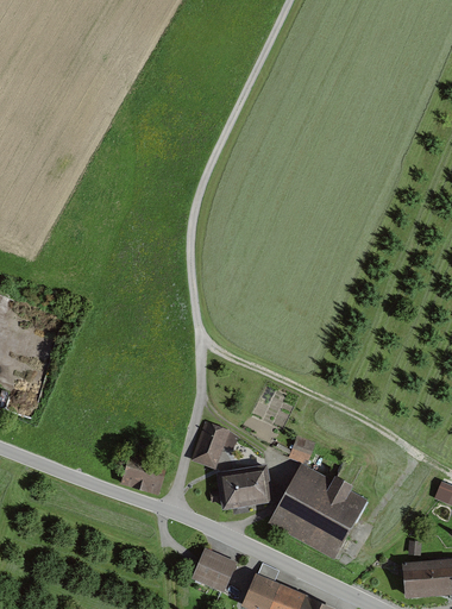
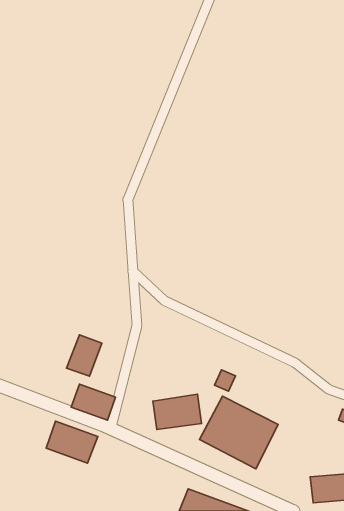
building: [190,421,232,470] -> [66,335,102,376]
building: none -> [46,421,98,463]
building: [194,550,238,591] -> none

